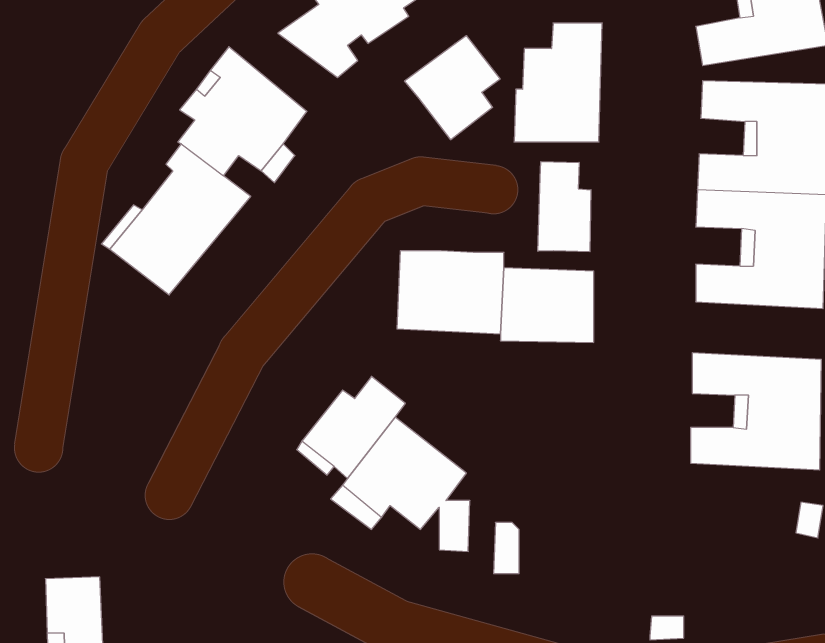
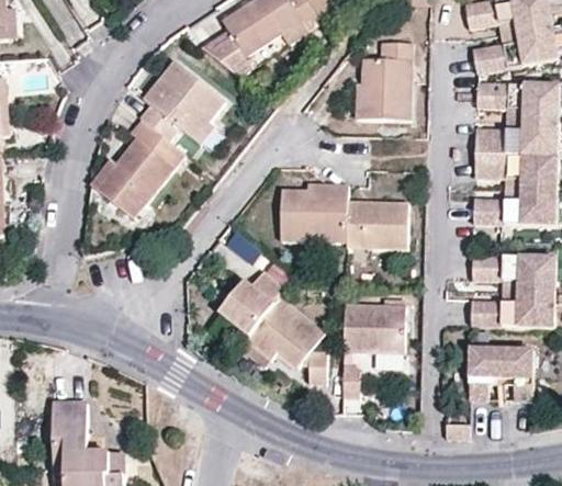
building: [405,36,500,140] -> none
building: [538,162,591,252] -> none
building: none -> [344,303,405,352]
building: none -> [467,349,532,404]

